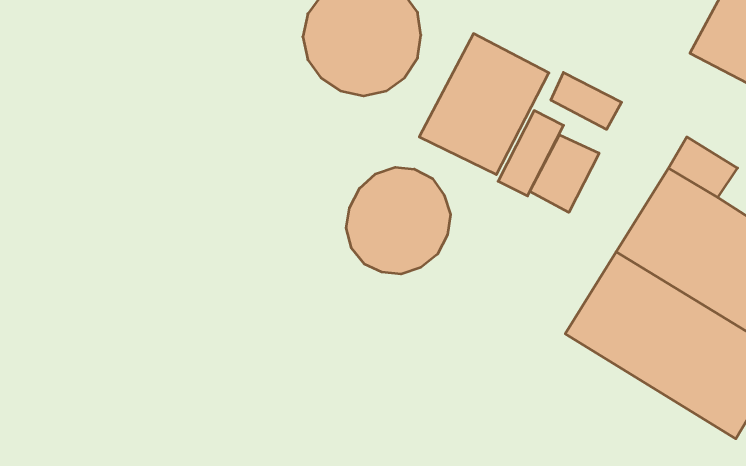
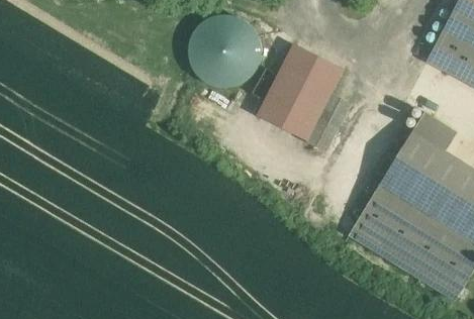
building: [551,72,622,129] -> none
building: [530,135,599,212] -> none
building: [346,167,451,274] -> none

